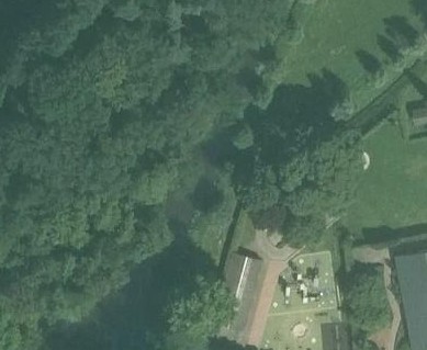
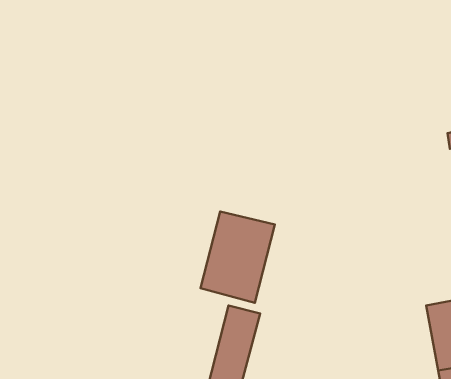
building: none -> [200,212,275,303]

